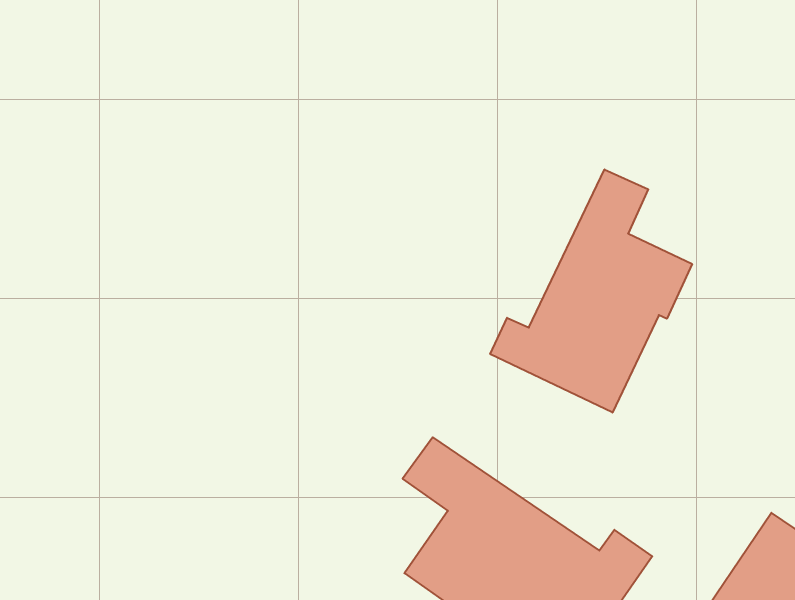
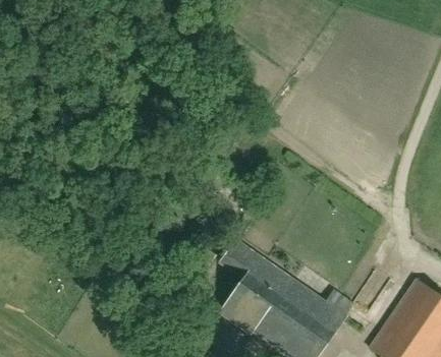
building: [490,169,692,413] -> none

